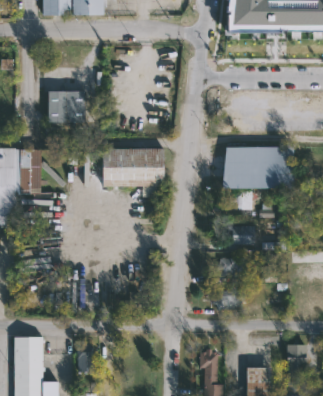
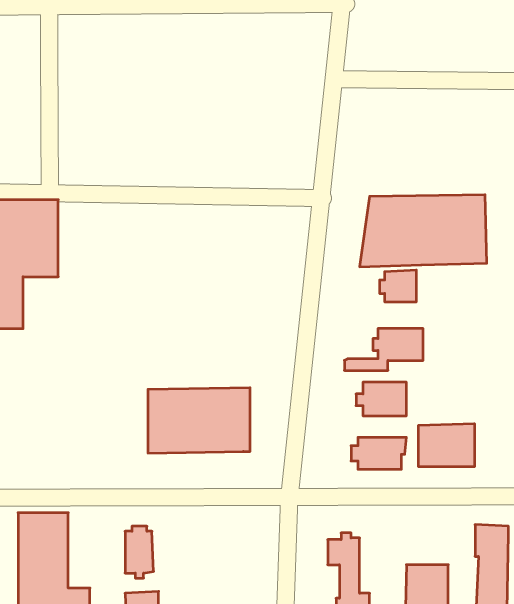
building: [45,90,83,121] -> none
building: [101,147,162,186] -> [148,388,250,453]
building: none -> [419,424,474,467]

